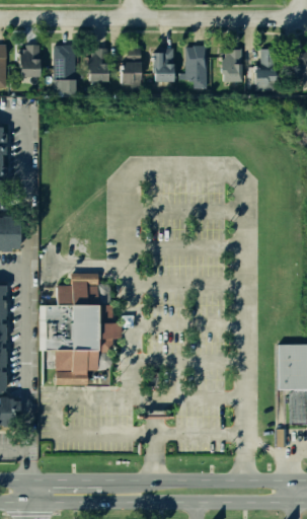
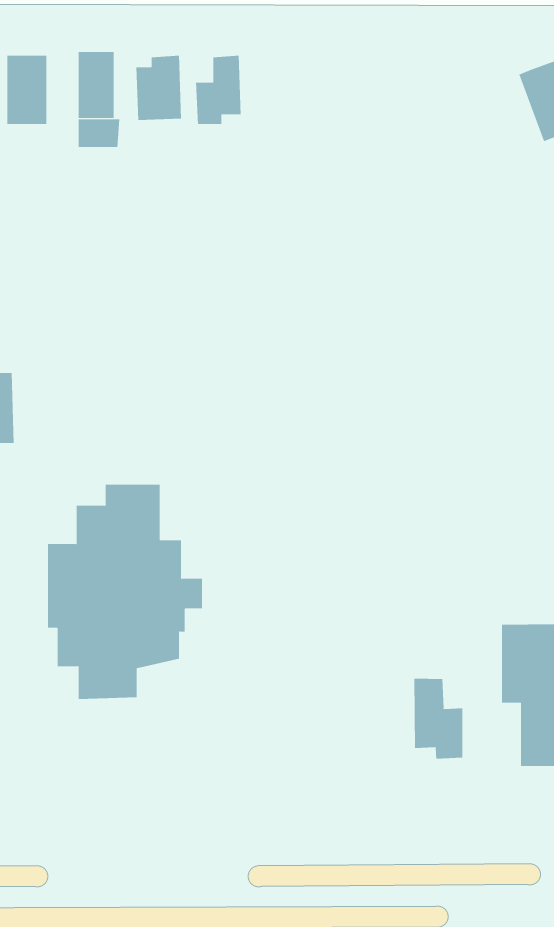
building: [184,45,208,89] -> none
building: [150,48,173,81] -> none
building: [220,49,243,81] -> none
building: [250,49,279,89] -> none
building: none -> [414,678,463,759]

